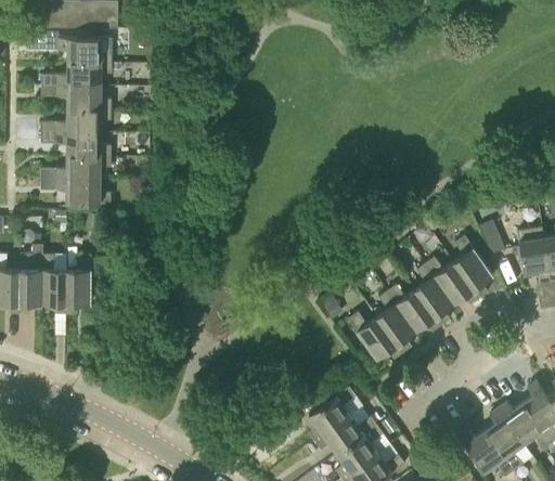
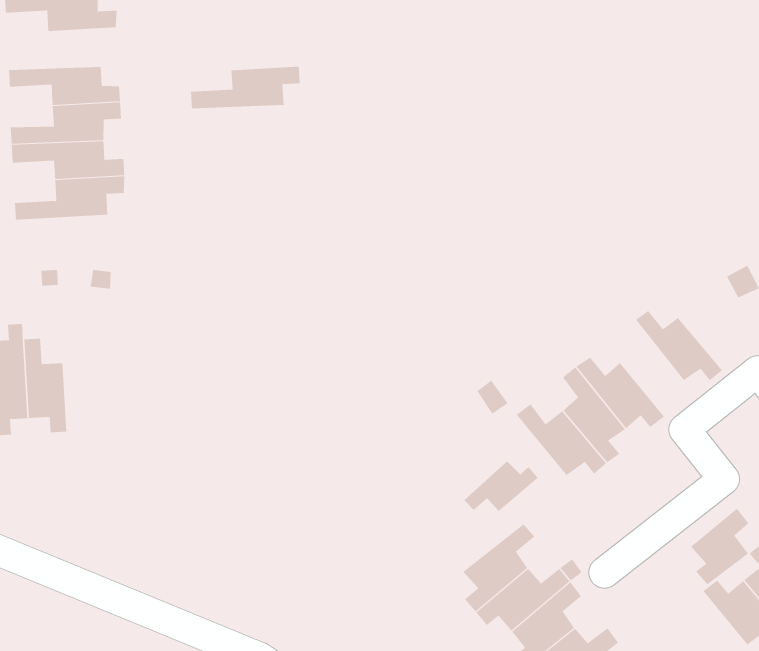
building: [42,62,112,86] -> [190,66,301,109]
building: [41,179,111,204] -> none
building: [453,235,493,298] -> none
building: [66,253,91,314] -> none
building: [415,263,454,325] -> none
building: none -> [463,461,539,512]
building: none -> [690,508,749,585]

